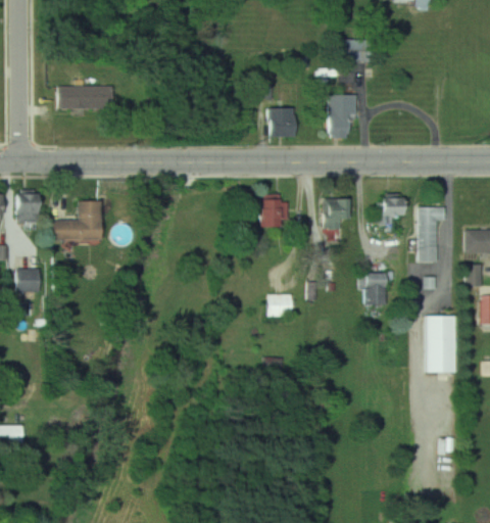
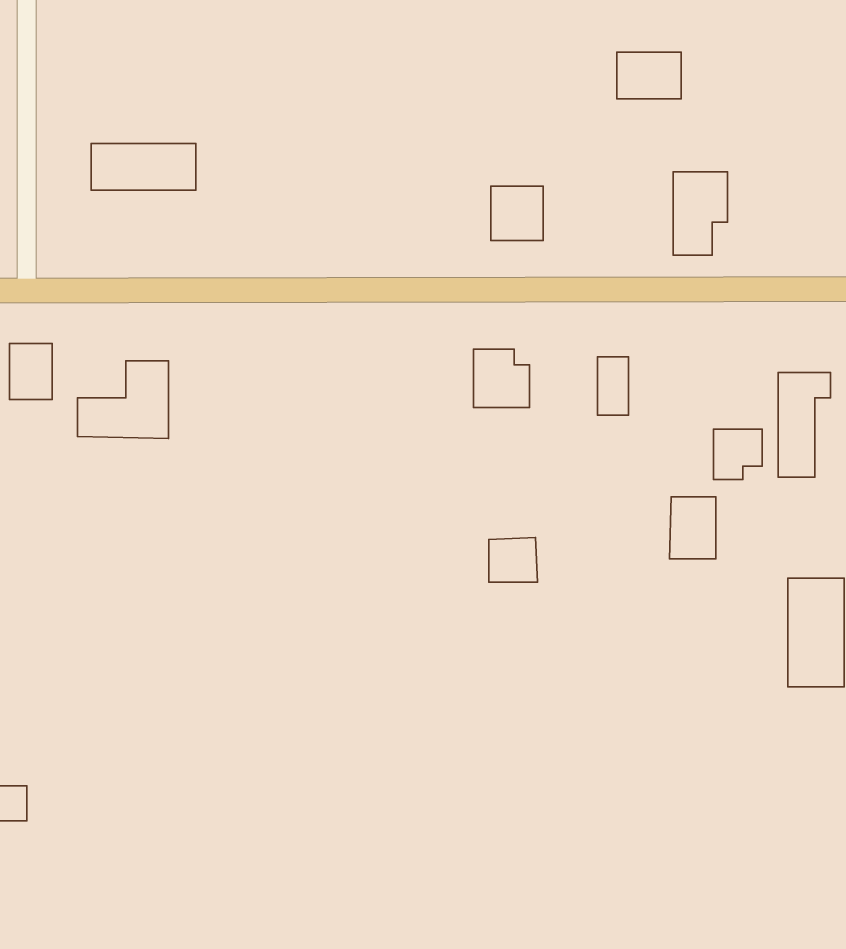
building: [329,94,357,138] -> [673,172,728,255]
building: [380,197,405,224] -> [714,429,762,480]
building: [15,269,39,292] -> none

